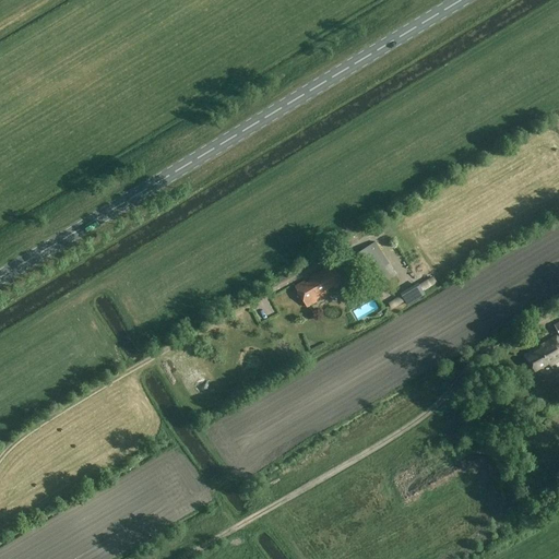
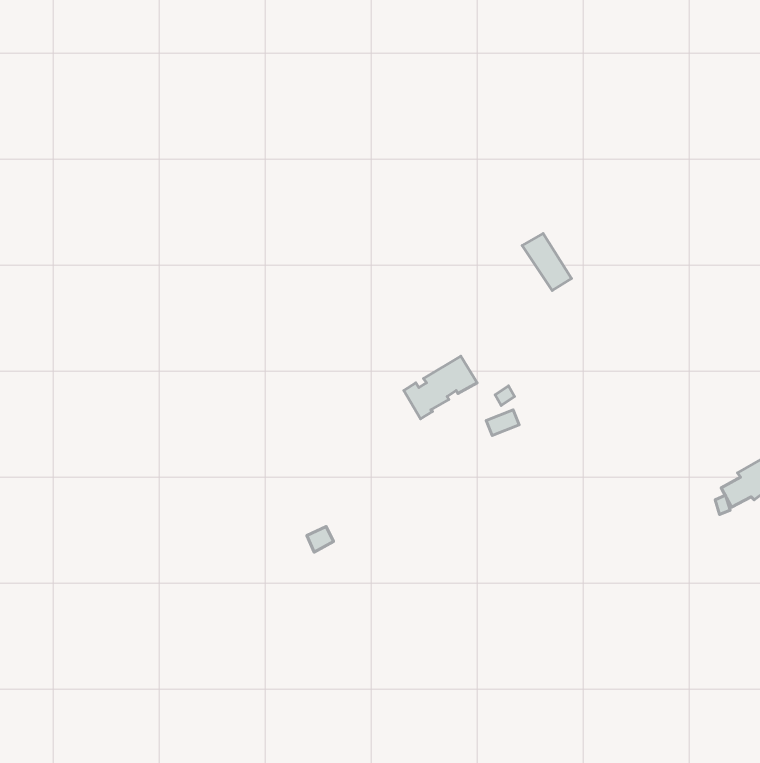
building: [358,245,394,286] -> [522,234,572,290]

